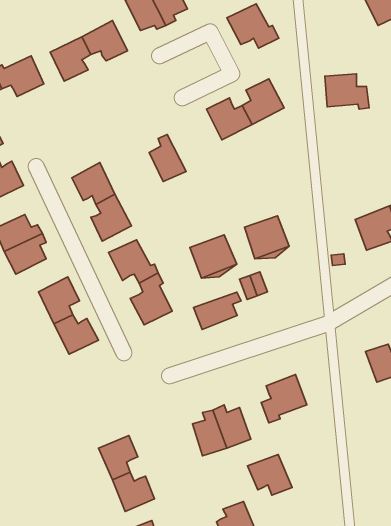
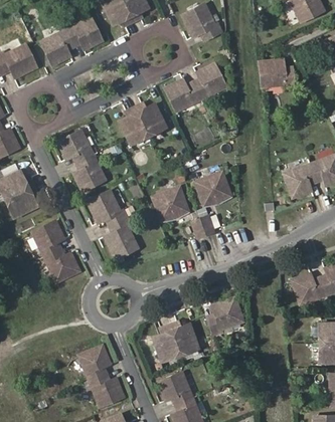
building: none -> [134,103,166,137]
building: [193,292,241,329] -> none
building: [248,454,292,495] -> [159,372,194,404]

